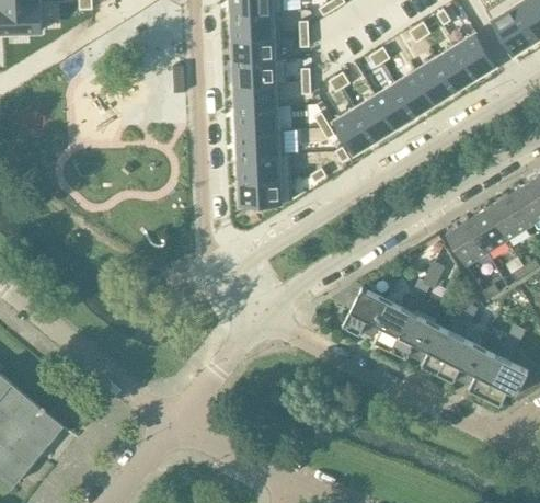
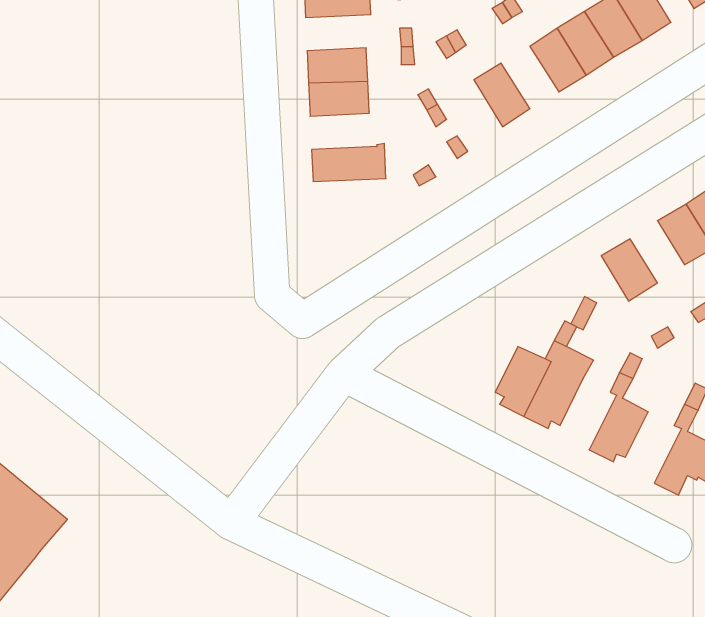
building: [232,58,286,85] -> none
building: [374,82,415,127] -> none
building: [333,106,375,153] -> none
building: [235,129,284,157] -> none
building: [238,178,291,205] -> none
building: [467,208,506,253] -> none
building: [334,287,386,335] -> none
building: [416,322,457,374] -> none
building: [463,346,504,398] -> none

